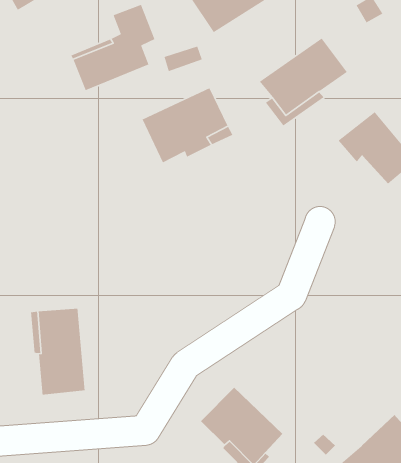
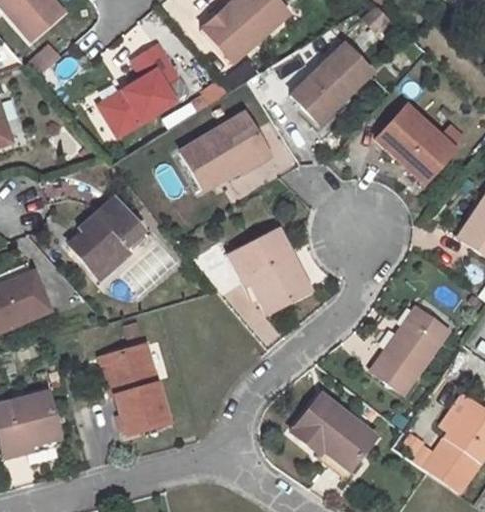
building: none -> [70,195,148,274]
building: none -> [236,231,320,312]
building: none -> [362,305,440,390]

